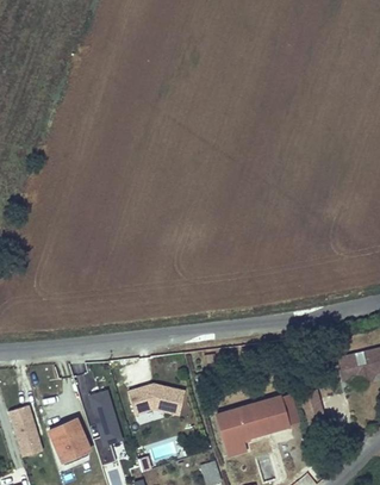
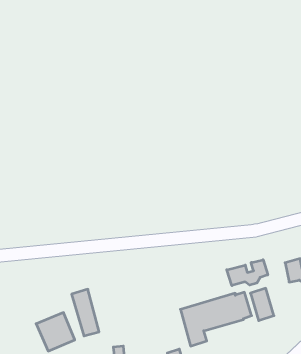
building: none -> [227,260,268,286]
building: [127,383,183,415] -> none
building: [10,405,42,456] -> none

